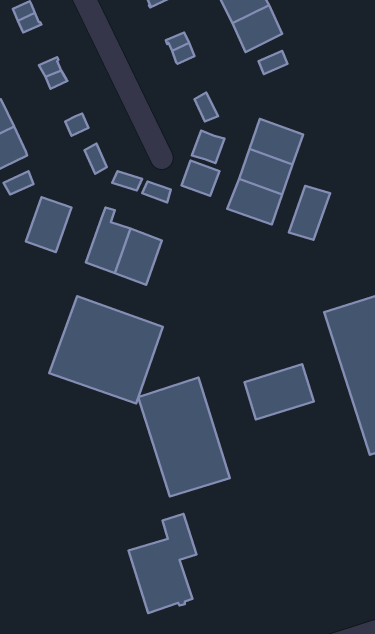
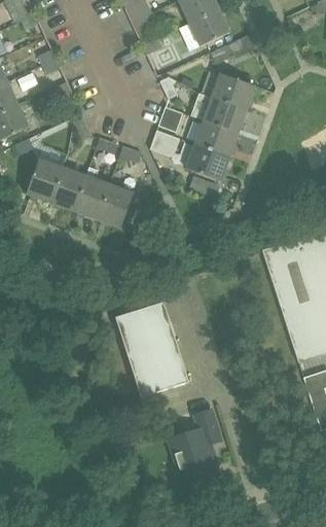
building: none -> [211,72,254,109]
building: [289,186,330,240] -> none
building: none -> [50,167,86,210]
building: [49,296,163,404] -> none
building: [245,364,314,420] -> none
building: [128,514,197,613] -> [168,409,221,487]

